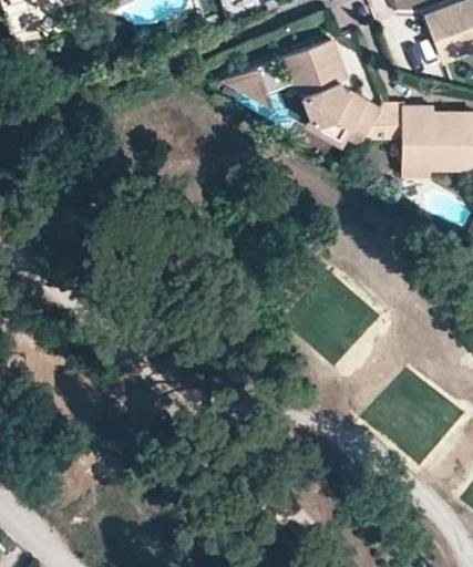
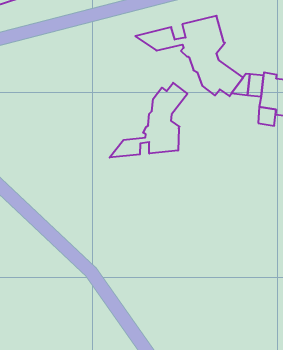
building: none -> [110,83,187,158]

